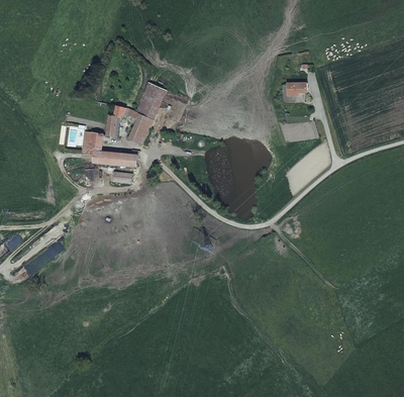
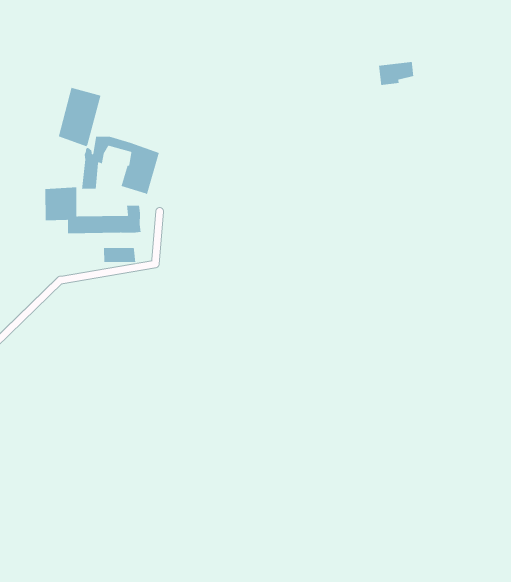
building: [136,84,165,120] -> [58,87,101,147]

